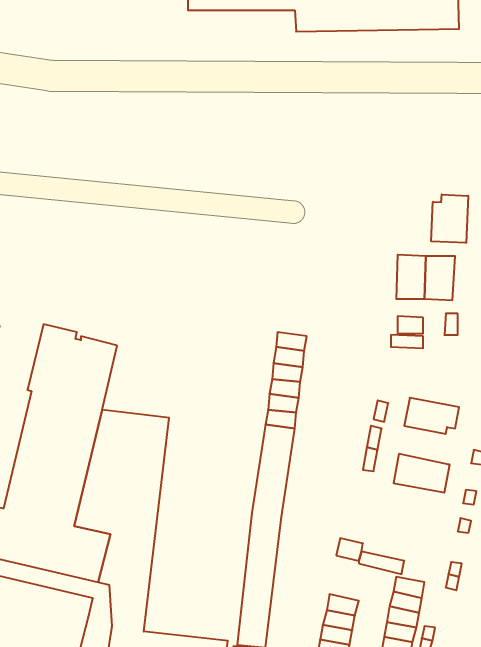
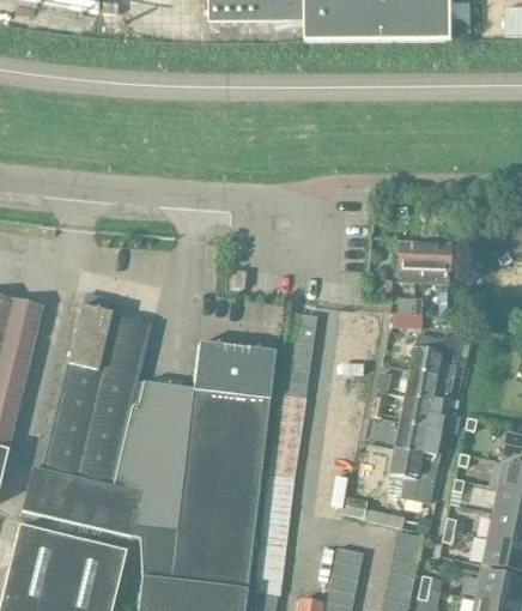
building: [431,194,468,243] -> none
building: none -> [409,333,461,379]
building: none -> [171,341,275,588]
building: none -> [400,395,447,430]
building: none -> [389,447,441,501]

